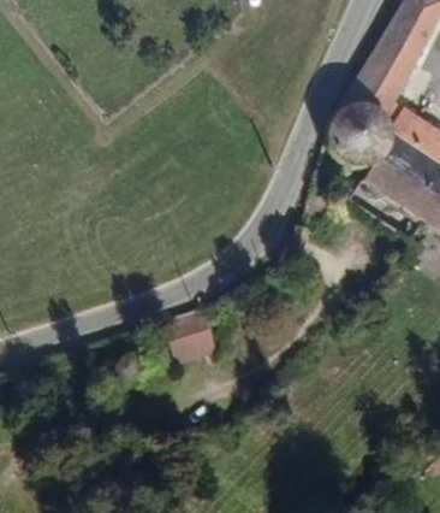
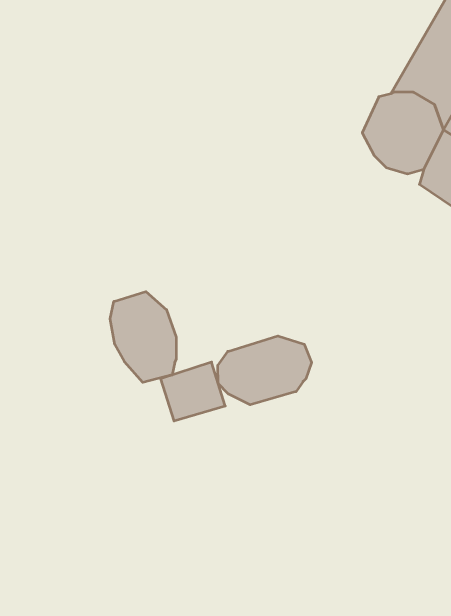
building: none -> [110,292,176,382]
building: none -> [218,336,312,405]

